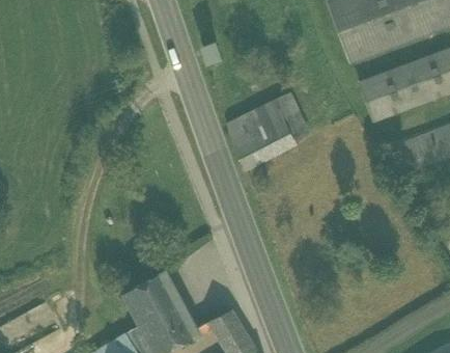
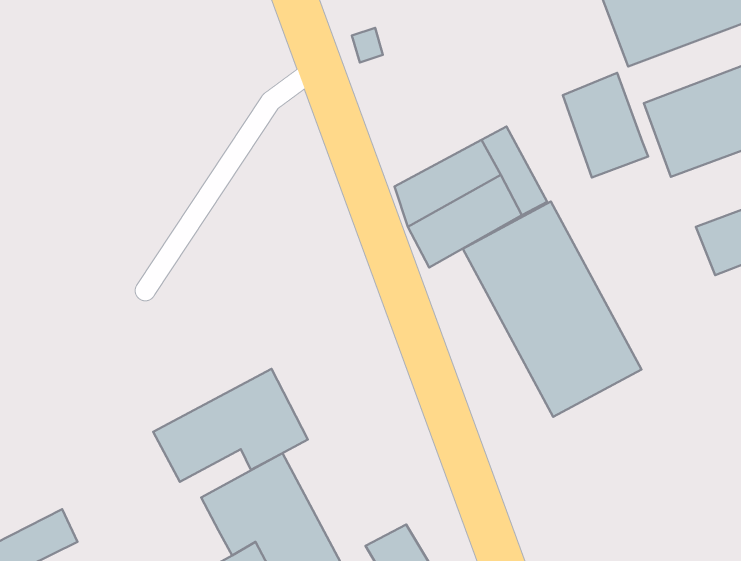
building: none -> [563,73,648,178]
building: none -> [463,201,641,417]
building: none -> [153,369,308,482]

